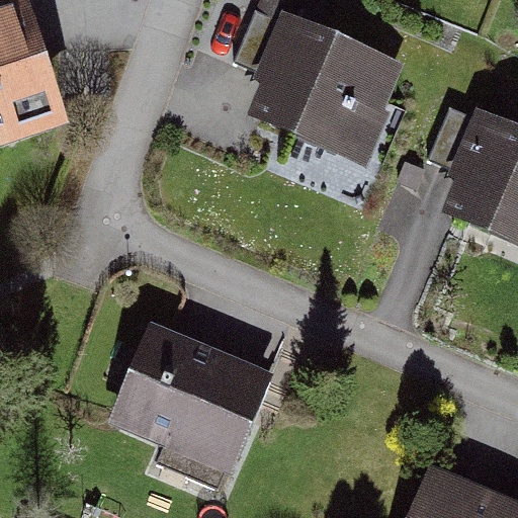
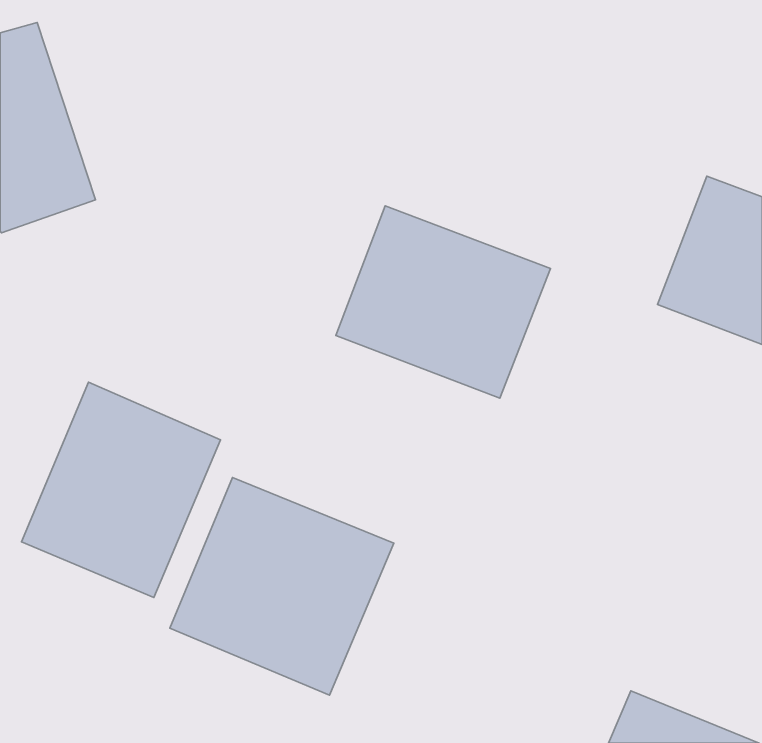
building: [256,23,402,154] -> [336,206,551,398]
building: none -> [22,382,221,598]

